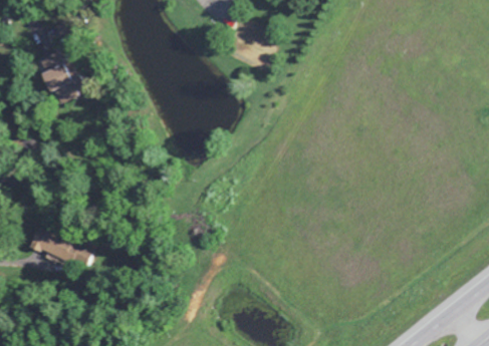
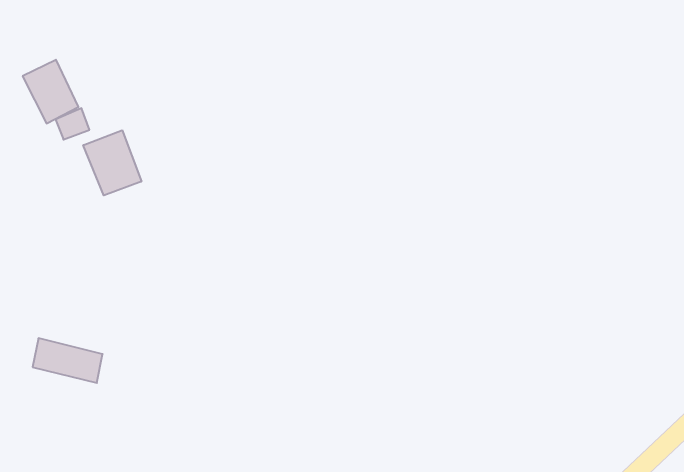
building: none -> [83,130,141,195]

